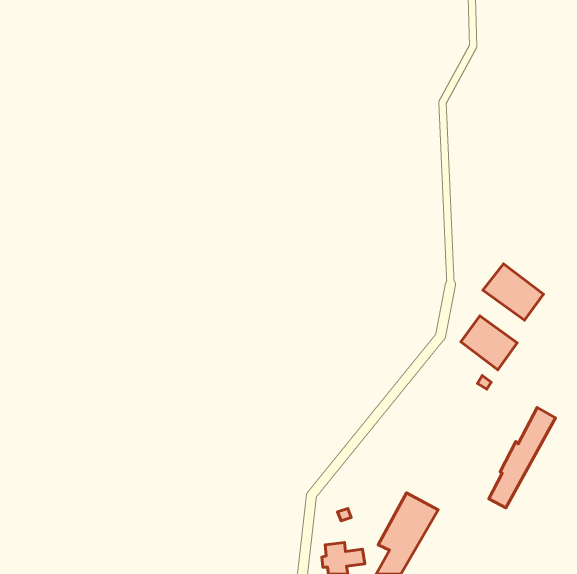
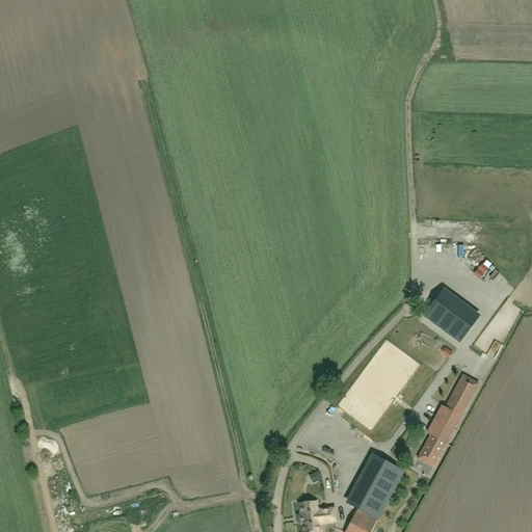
building: [483,264,544,320] -> none
building: [489,408,555,508] -> [418,373,479,466]

